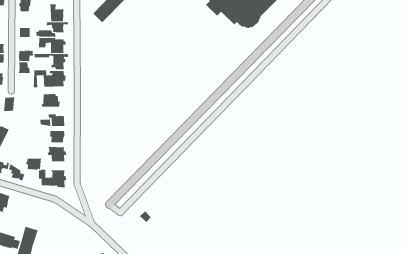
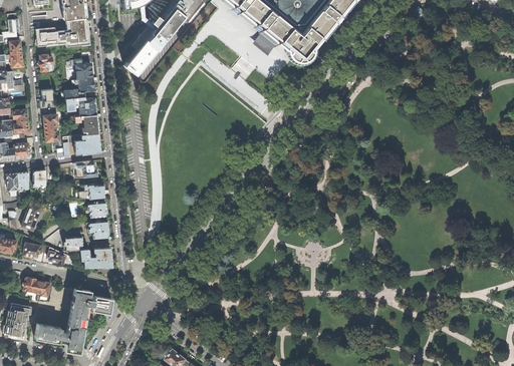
building: none -> [69,288,111,318]

